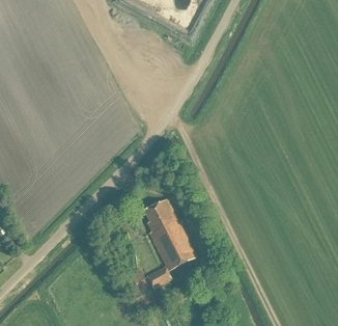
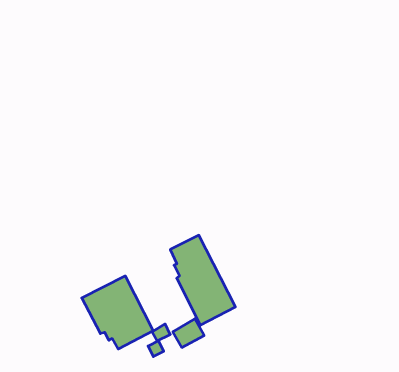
building: none -> [82,276,153,349]

